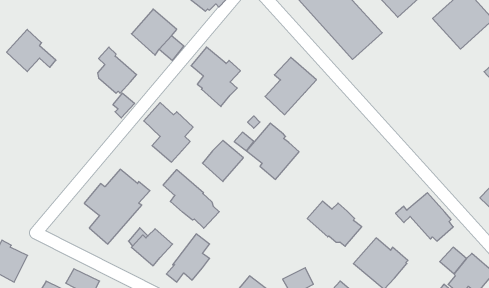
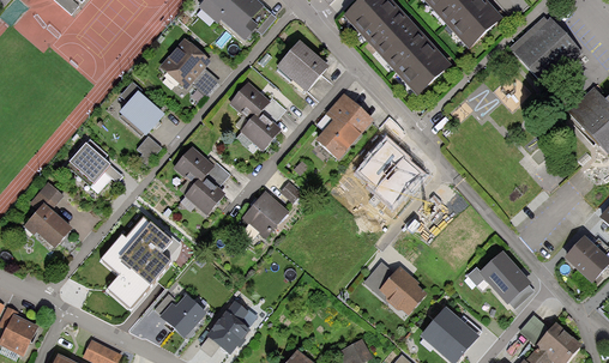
building: none -> [276,40,328,92]
building: [7,29,56,72] -> [66,139,123,188]
building: [247,123,299,179] -> [358,143,420,208]
building: none -> [23,182,72,249]
building: [163,170,219,228] -> none

